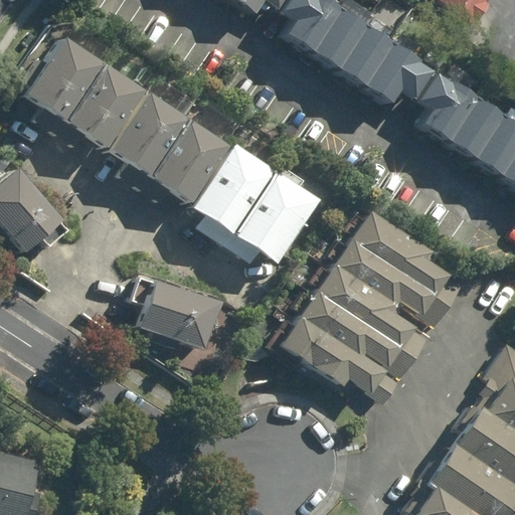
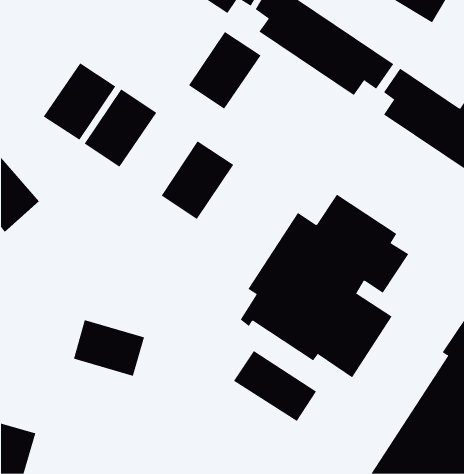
building: [17,39,97,125] -> none
building: [145,124,224,208] -> [188,31,262,110]
building: [229,180,309,266] -> none
building: [131,289,208,350] -> [73,320,145,376]
building: none -> [233,350,317,422]

